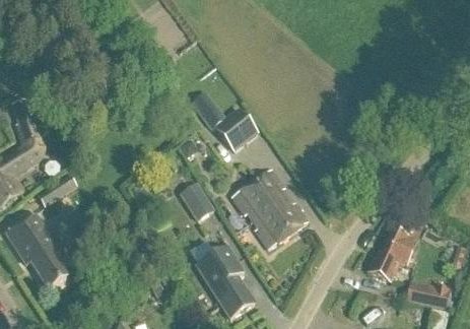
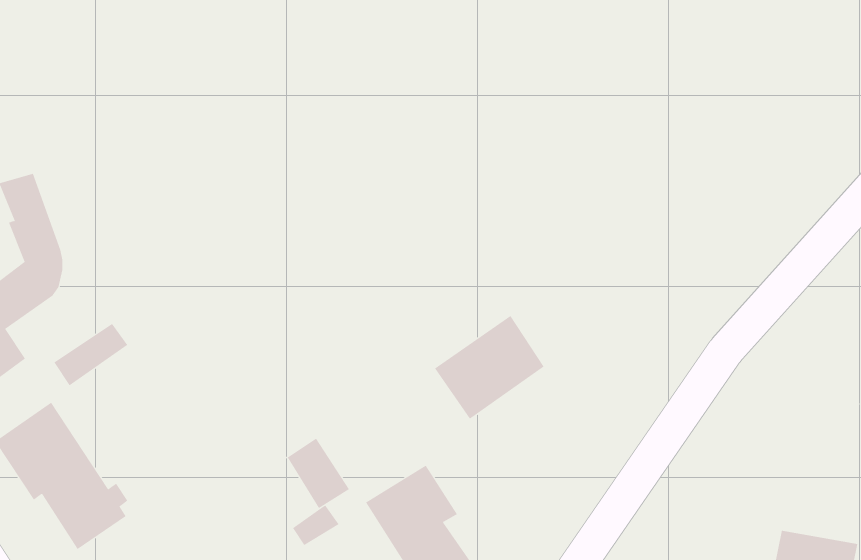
building: [204,104,258,151] -> none
building: [182,184,214,220] -> [287,438,350,509]
building: [251,196,308,249] -> none
building: [368,228,416,281] -> none

